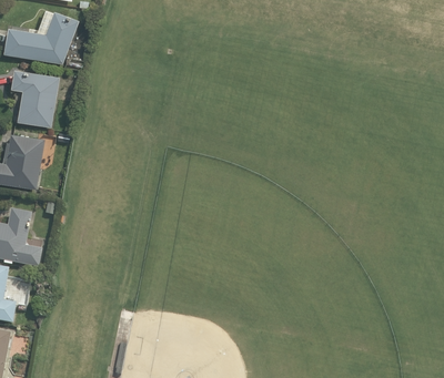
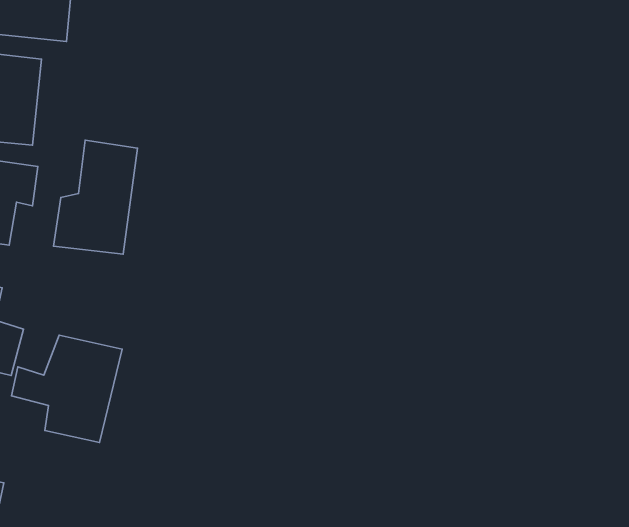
building: none -> [54,140,138,254]
building: none -> [12,335,122,443]

